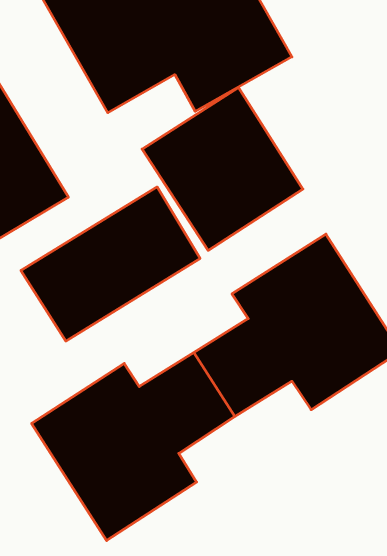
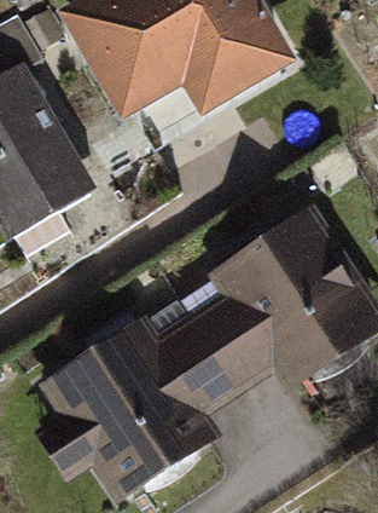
building: [142,87,303,250] -> none
building: [21,187,200,341] -> none

